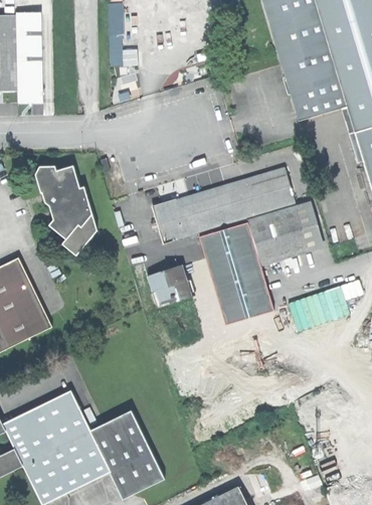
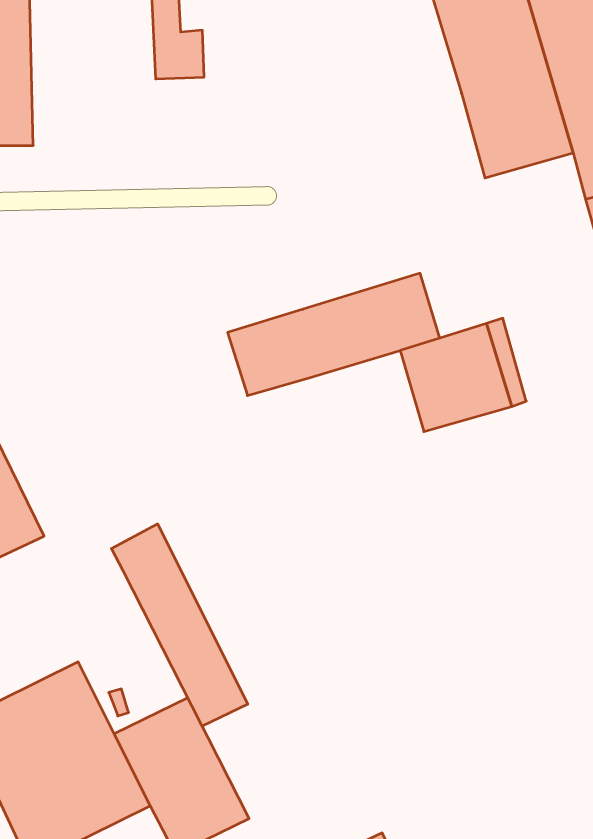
building: [35,166,91,252] -> none
building: [260,166,298,210] -> none
building: [199,217,276,325] -> none
building: [147,265,192,302] -> none
building: none -> [111,524,248,726]

